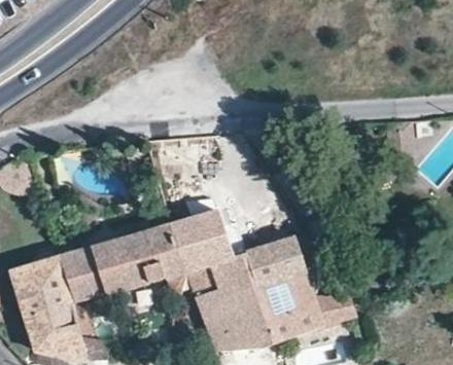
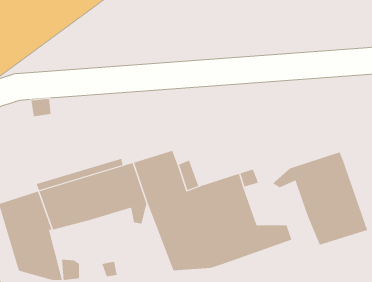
building: none -> [272,152,368,246]

